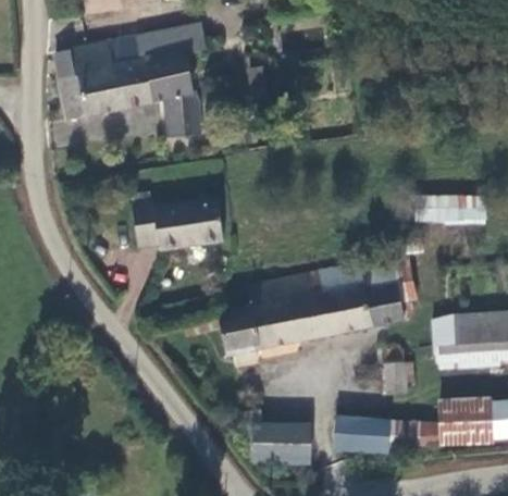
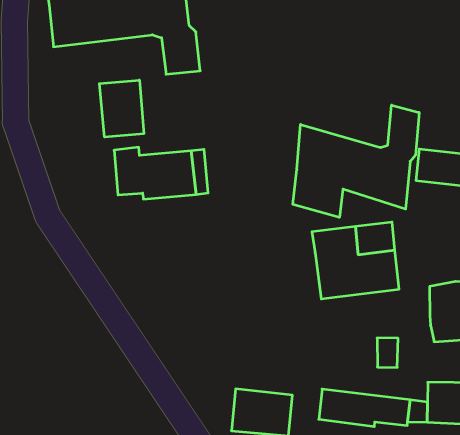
building: none -> [99,80,144,137]
building: none -> [293,105,419,217]
building: [221,275,332,354] -> none

